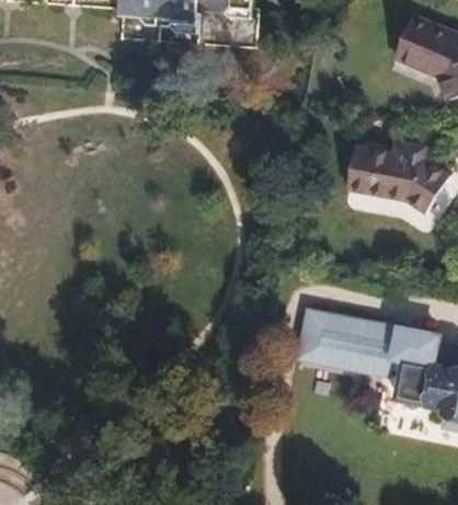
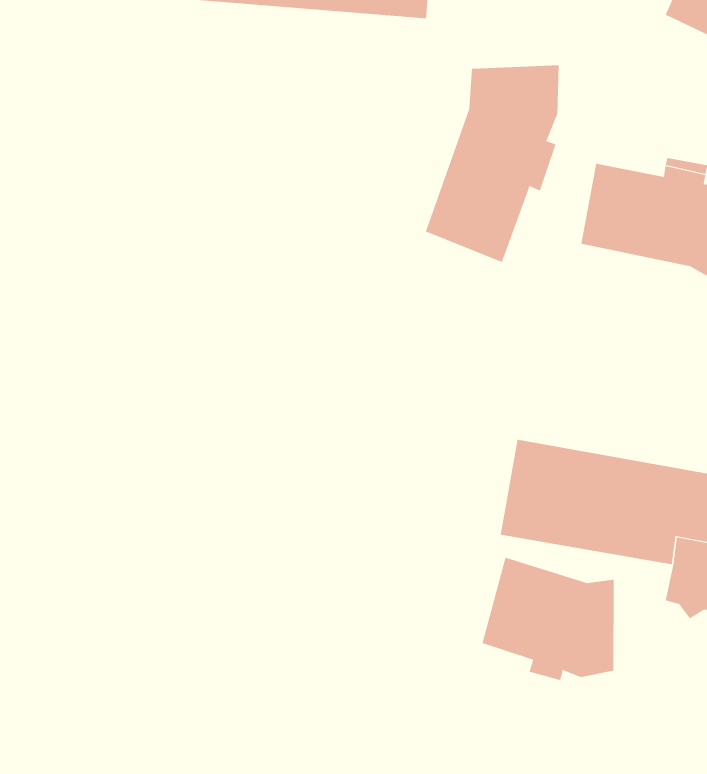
building: none -> [425,65,559,263]
building: none -> [482,557,614,681]

